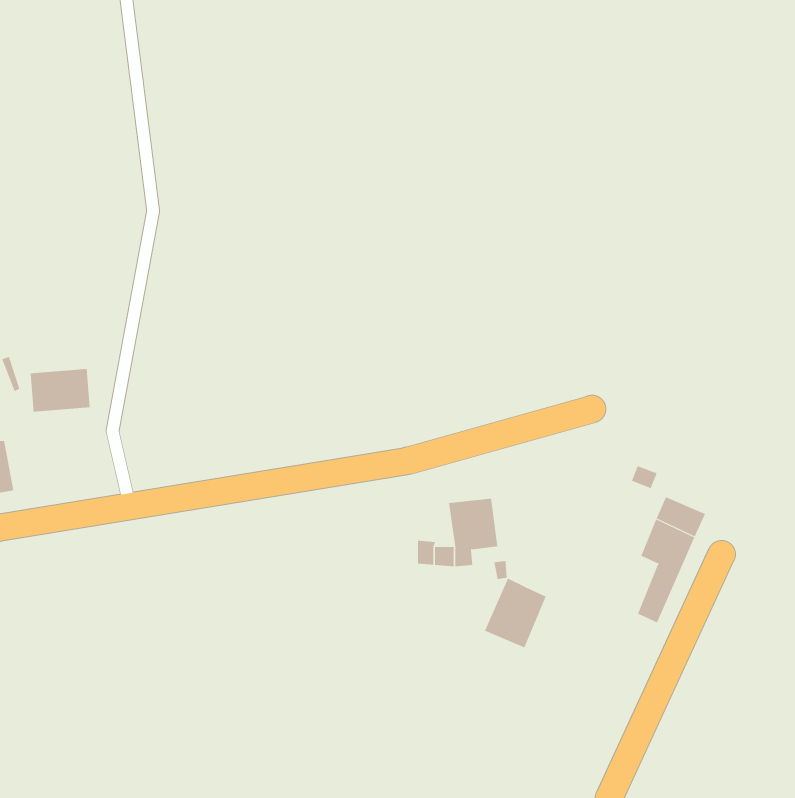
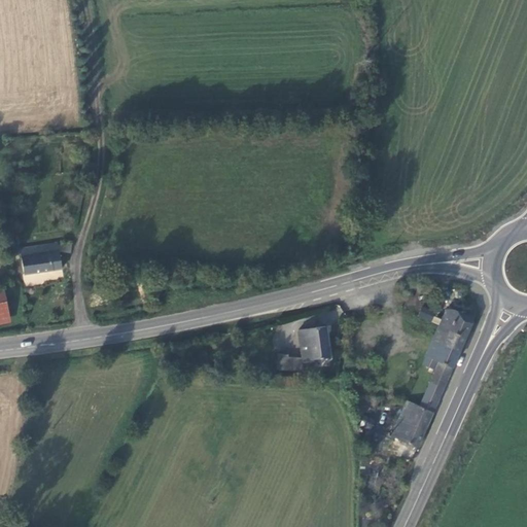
building: none -> [438,309,472,339]
building: [484,578,547,648] -> [392,398,433,445]

